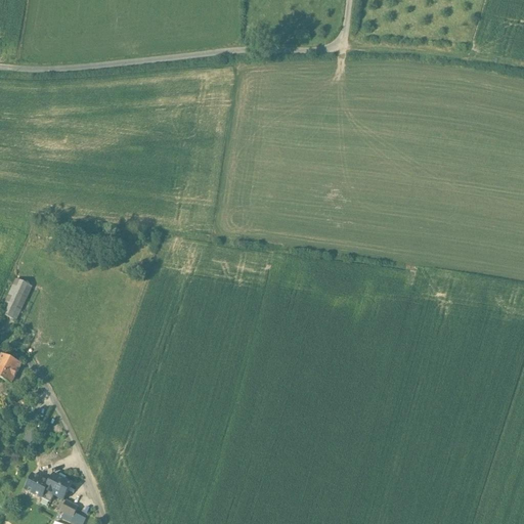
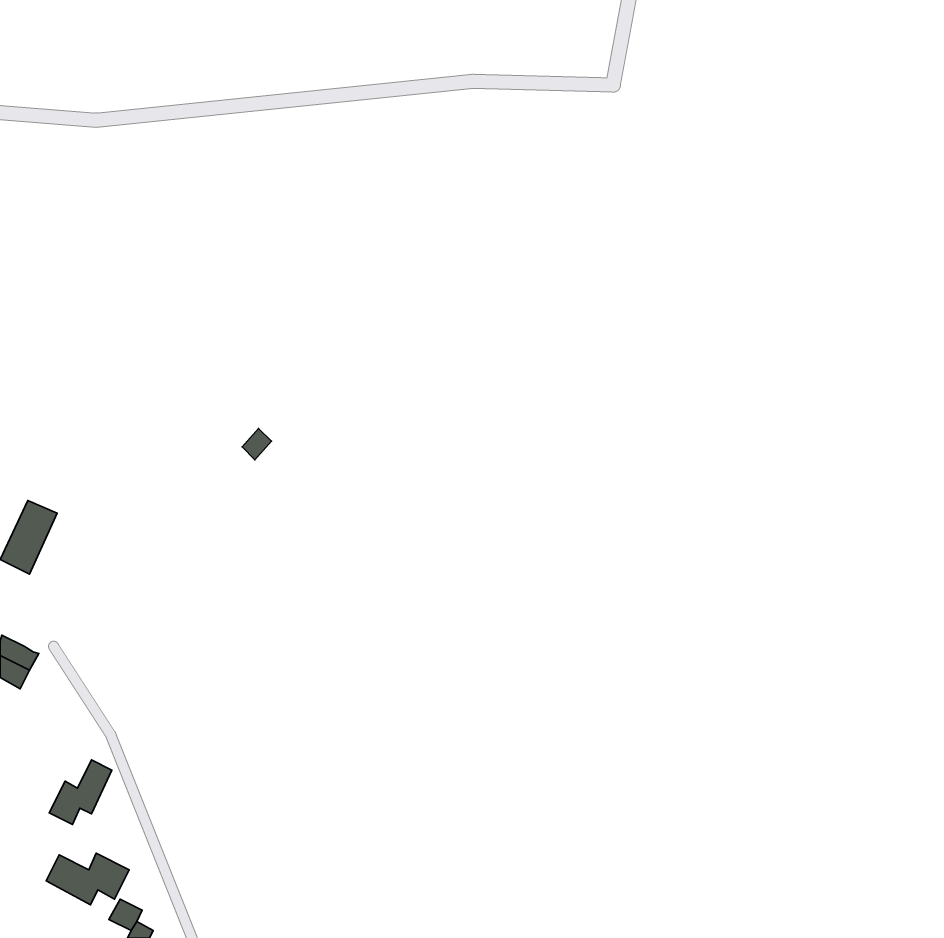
building: none -> [49,760,112,825]

